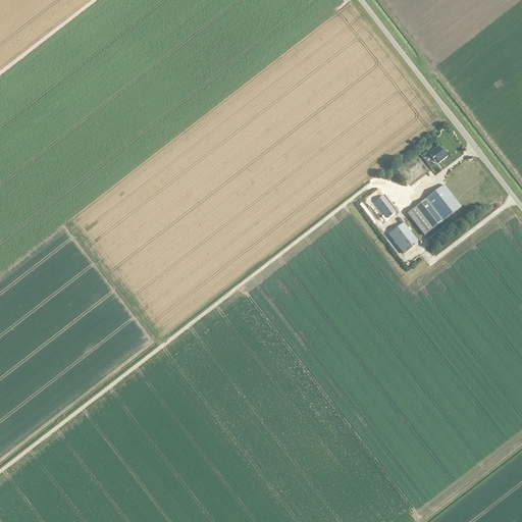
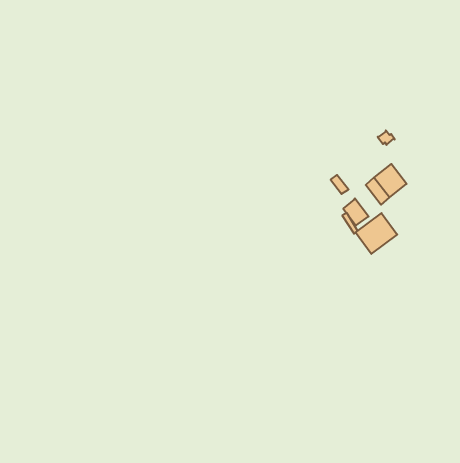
building: none -> [356,213,397,254]

